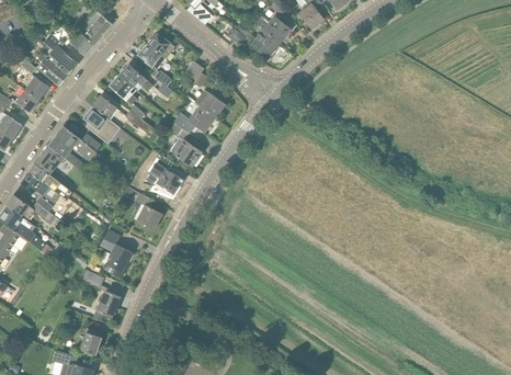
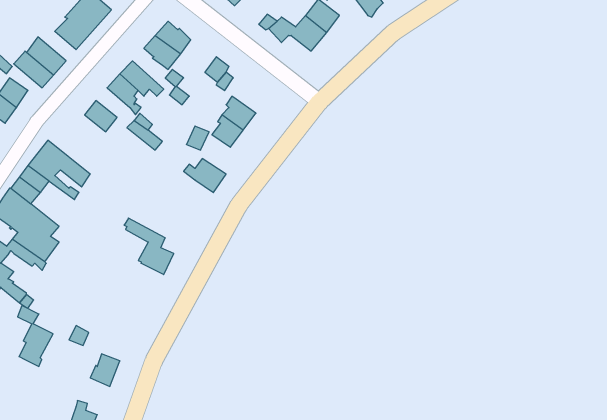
building: [82,106,120,144] -> none
building: [149,155,181,193] -> none
building: [103,229,130,276] -> [18,306,53,366]

